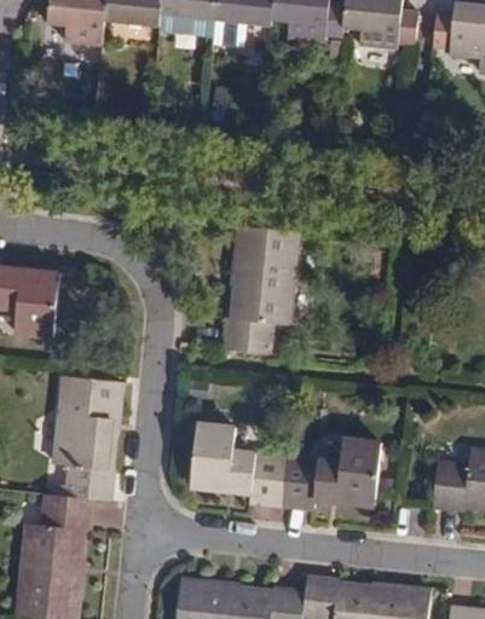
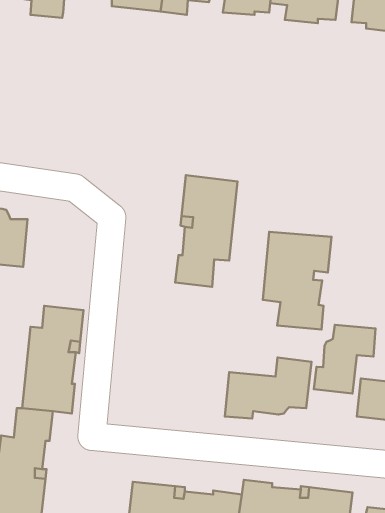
building: none -> [263,232,332,330]
building: none -> [314,325,376,393]
building: [194,421,289,503] -> none

